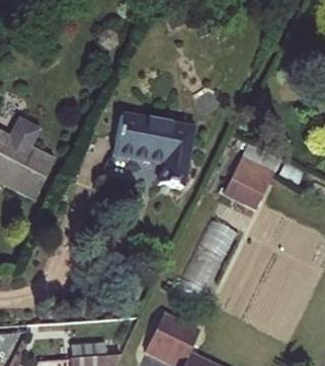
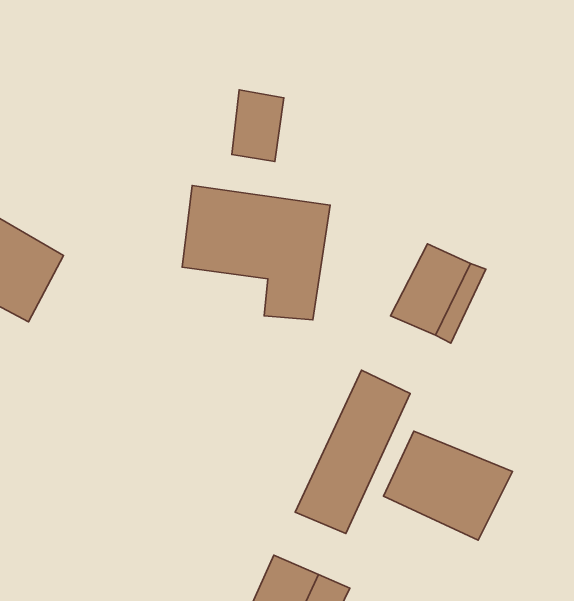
building: none -> [232,90,284,162]
building: none -> [383,431,513,540]

